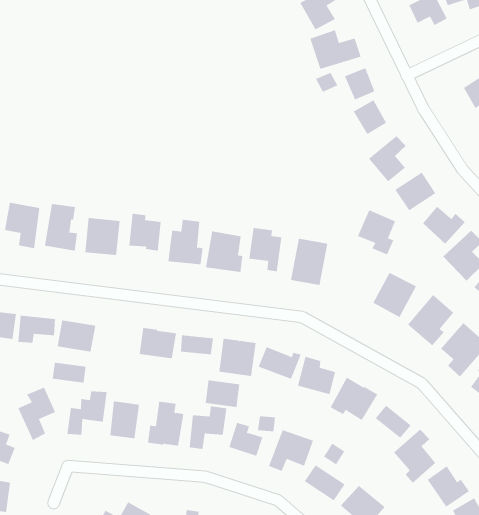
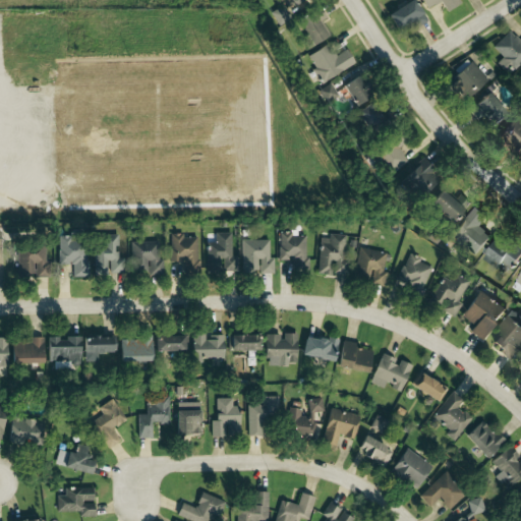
building: [357,209,396,255] -> [355,247,389,286]
building: [52,362,87,383] -> [156,336,185,351]
building: [205,379,240,408] -> none

